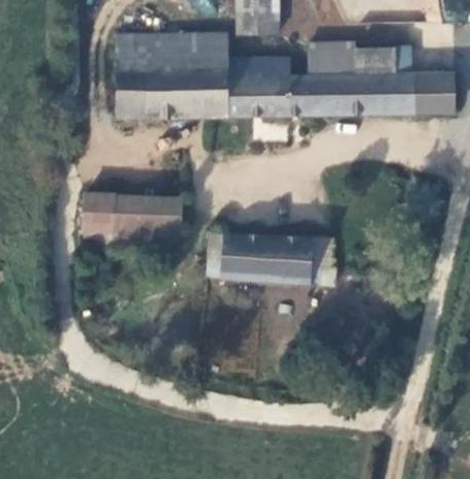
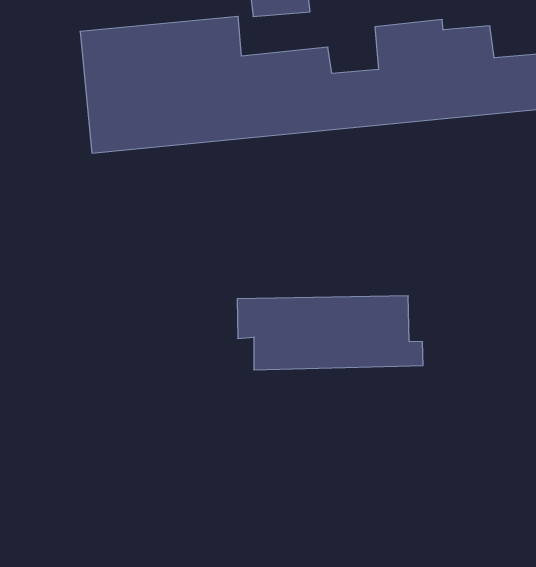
building: [83,193,180,233] -> none

